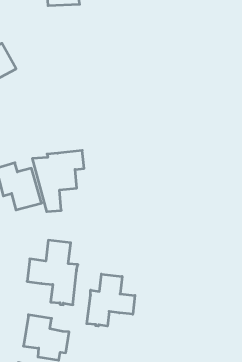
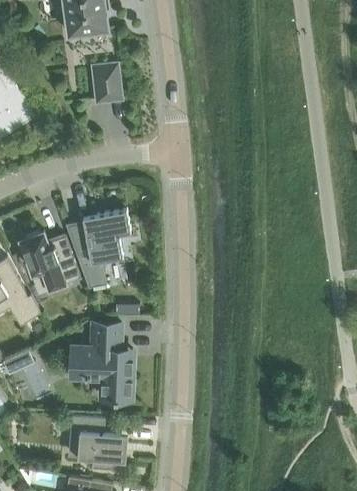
building: none -> [91,65,120,103]
building: [87,274,135,326] -> none

